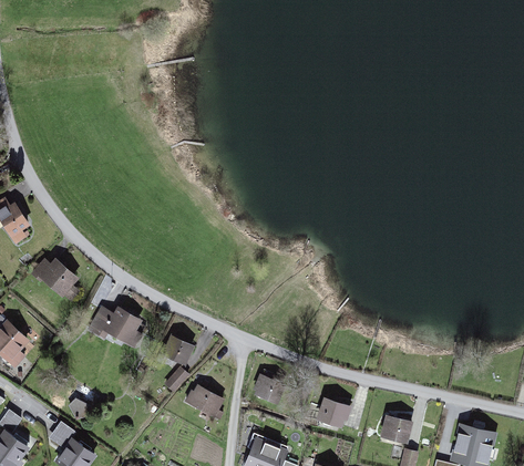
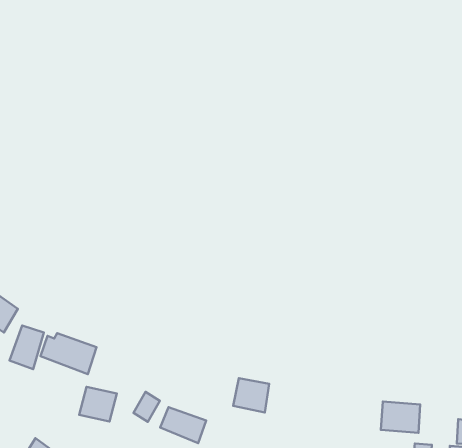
building: none -> [10,326,44,369]
building: [161,334,196,367] -> [79,387,117,421]
building: [316,394,349,425] -> none

